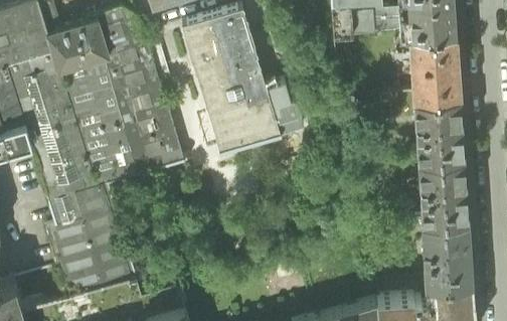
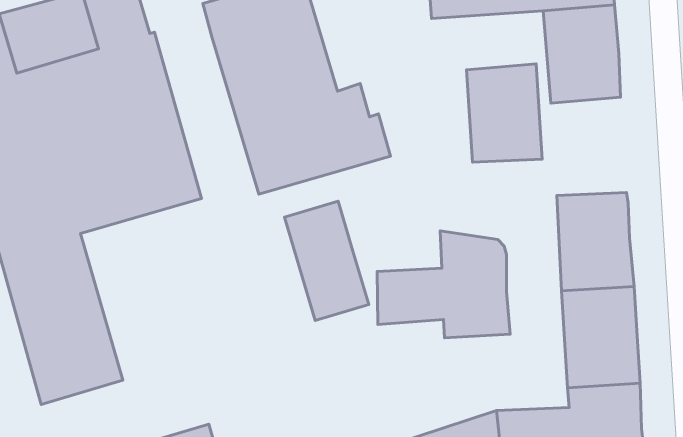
building: [412,89,463,154] -> [467,64,542,162]
building: none -> [284,201,369,321]
building: none -> [377,231,510,338]

